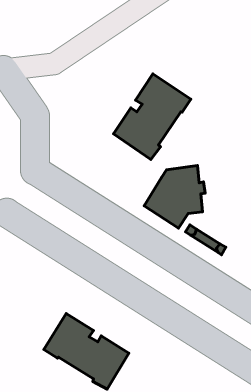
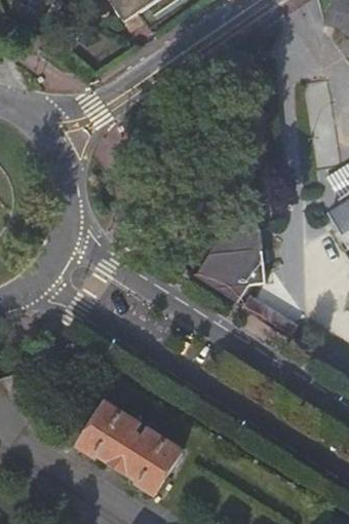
building: [113,74,191,159] -> none

